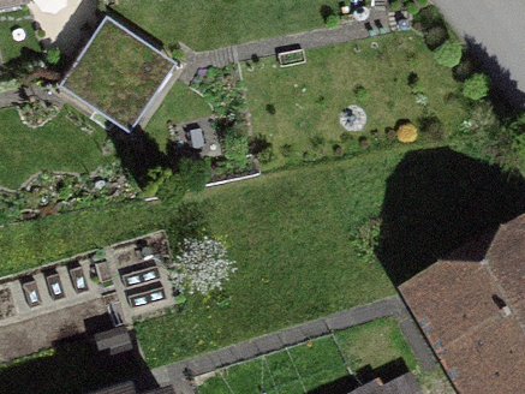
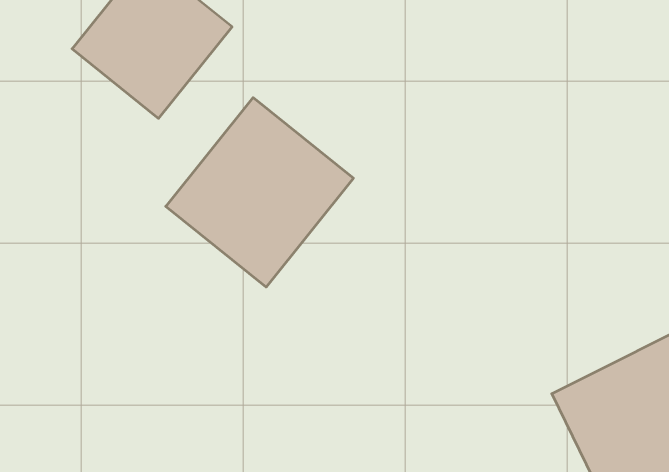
building: none -> [166,98,353,287]

